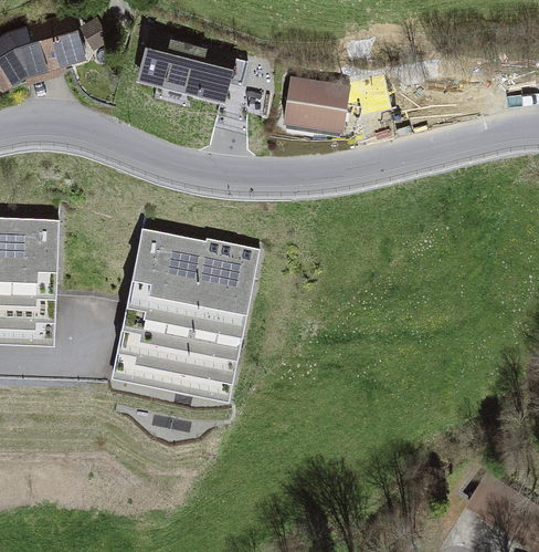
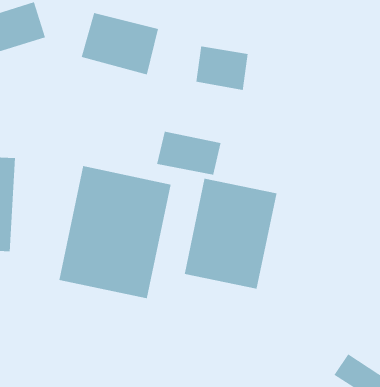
building: none -> [156,131,221,176]
building: none -> [184,178,277,290]

